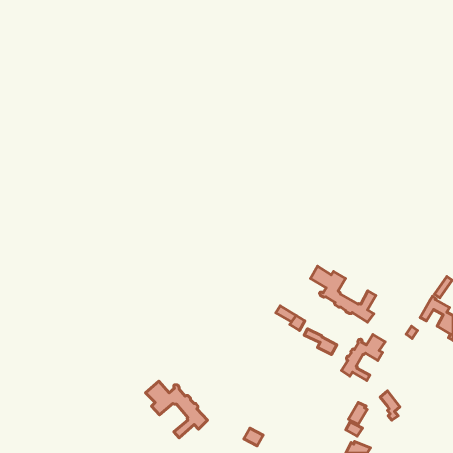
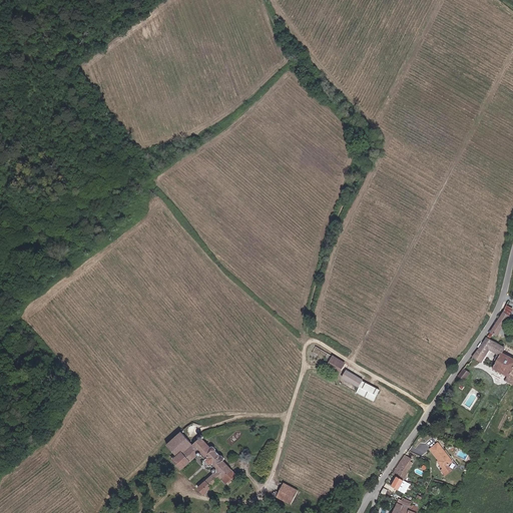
building: [310,266,376,322] -> none
building: [341,335,385,381] -> none

